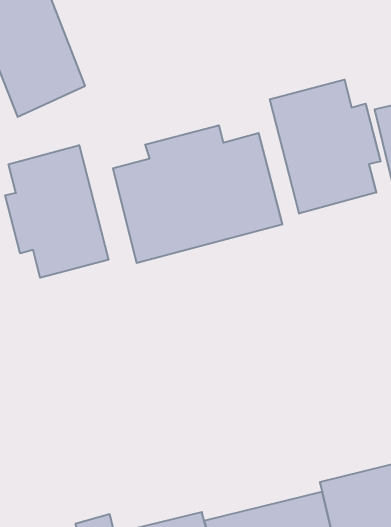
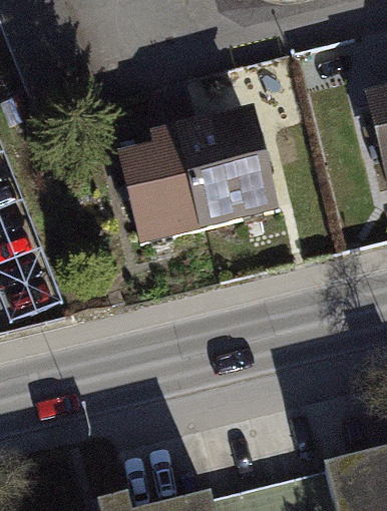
building: [270,80,381,214] -> none
building: [5,145,109,278] -> none

